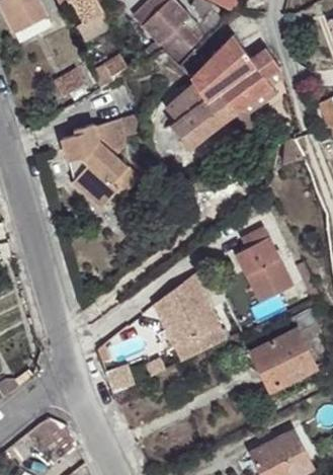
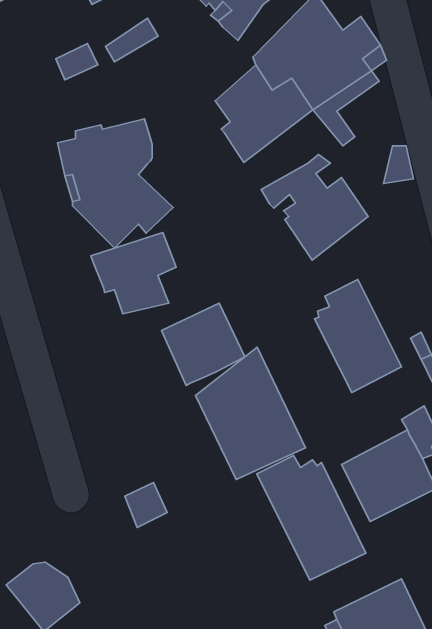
building: none -> [261,155,368,260]
building: none -> [91,233,176,314]
building: none -> [161,303,245,386]
building: none -> [257,455,366,580]

